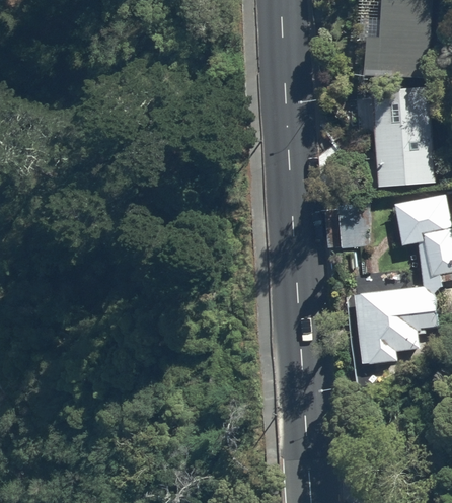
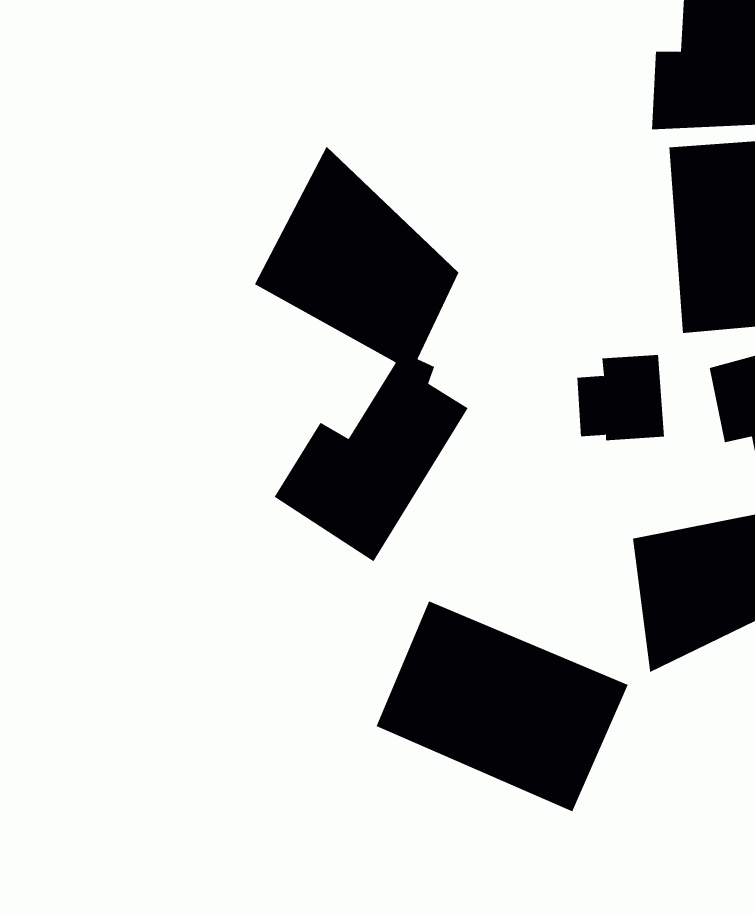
building: none -> [254,146,468,562]
building: none -> [376,600,629,812]

